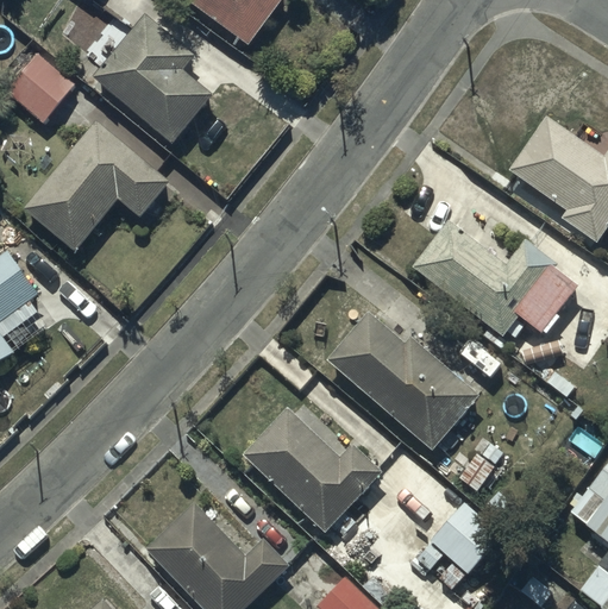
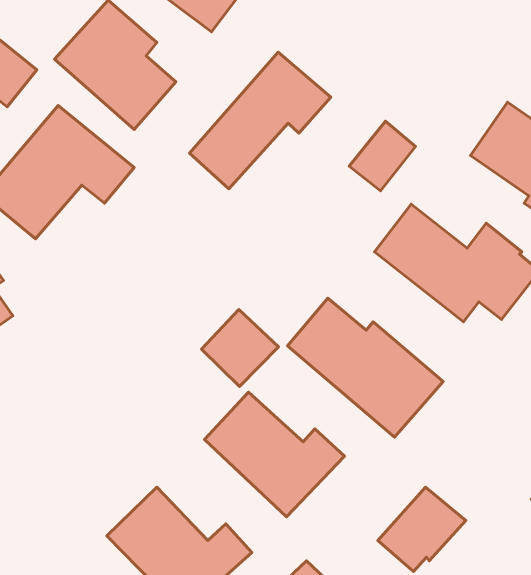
building: none -> [189,52,331,189]
building: none -> [349,121,415,191]
building: none -> [201,310,278,387]

